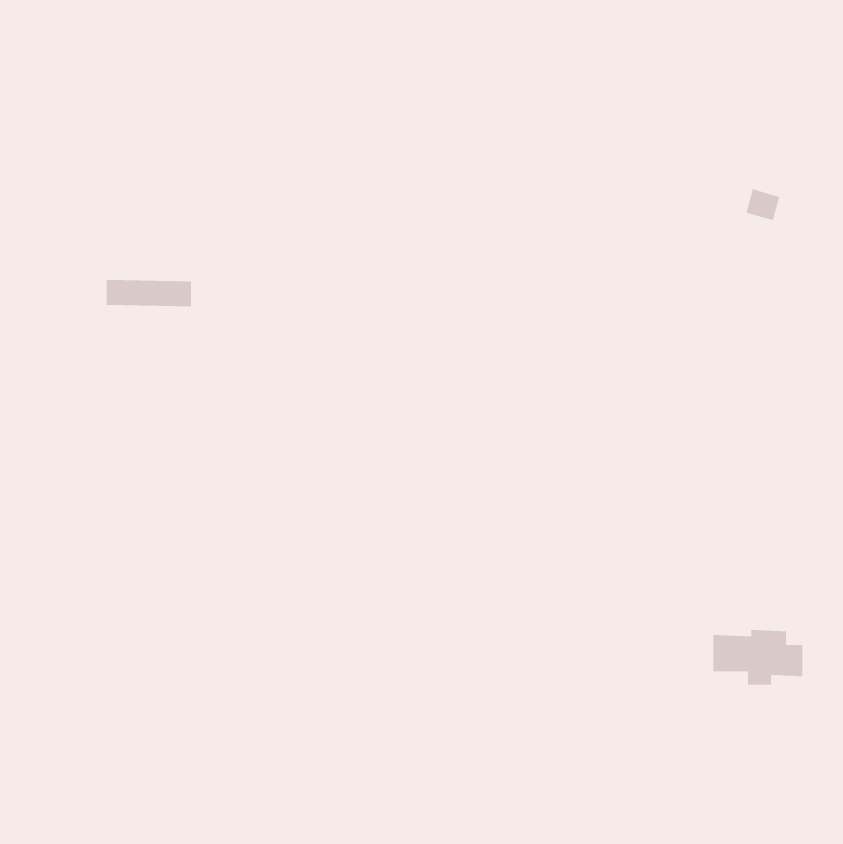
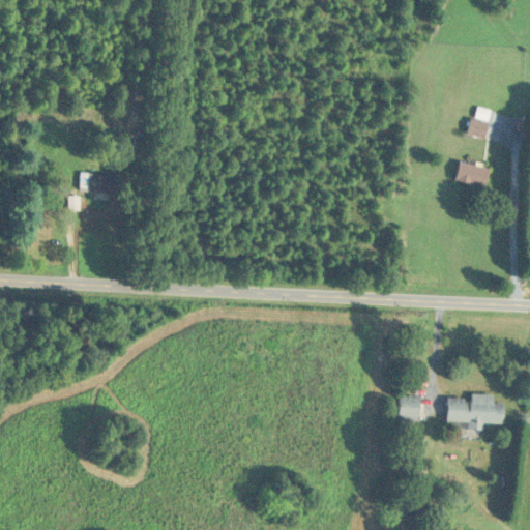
building: none -> [455,161,490,188]
building: none -> [399,396,420,422]

